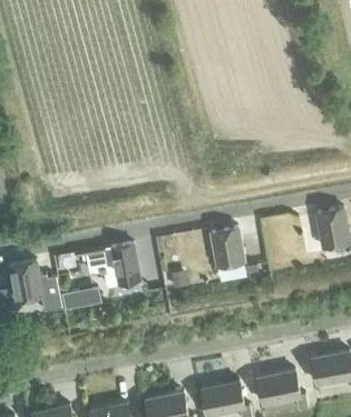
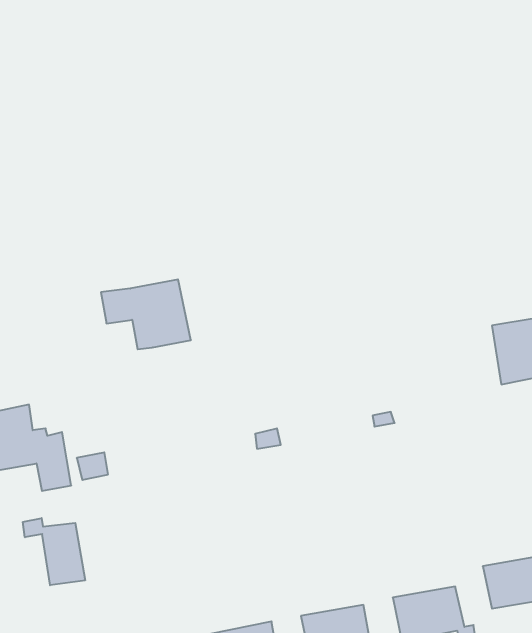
building: [211,227,244,267] -> none
building: [86,244,140,286] -> [101,279,191,349]
building: none -> [23,518,85,585]

